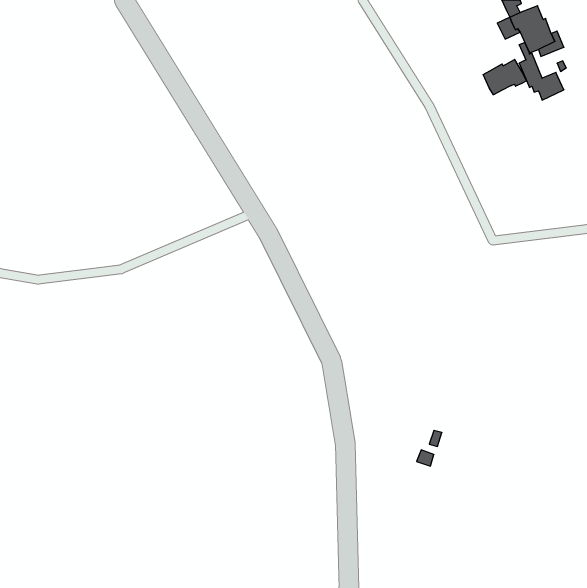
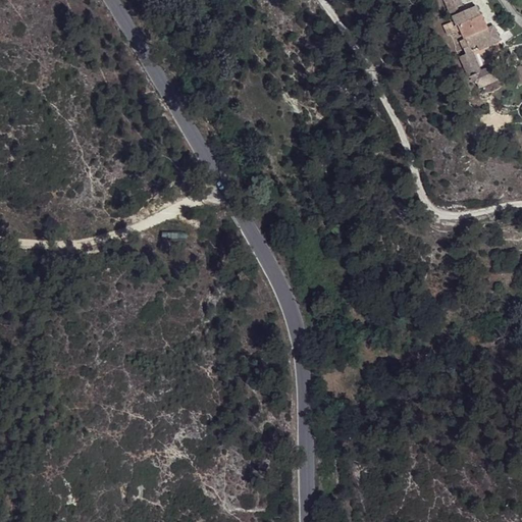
building: [483,59,527,95] -> none

